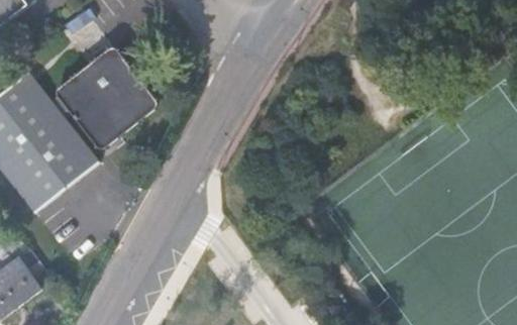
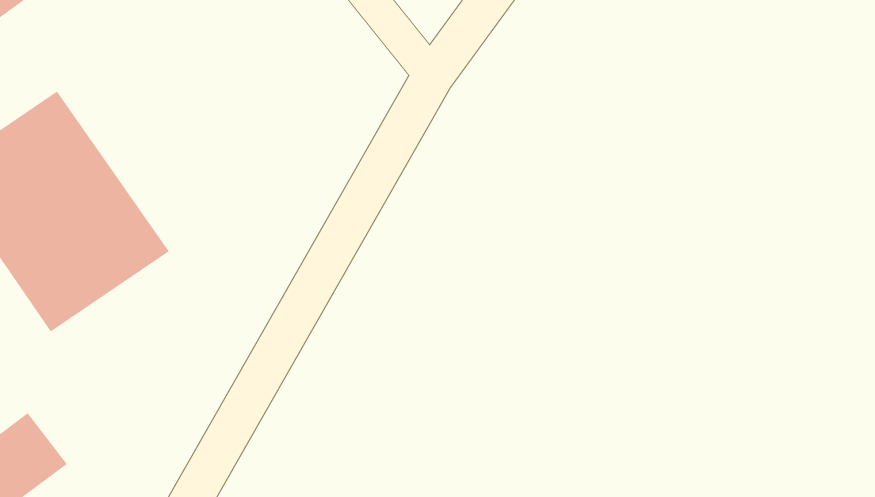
building: [59,49,153,144] -> none

